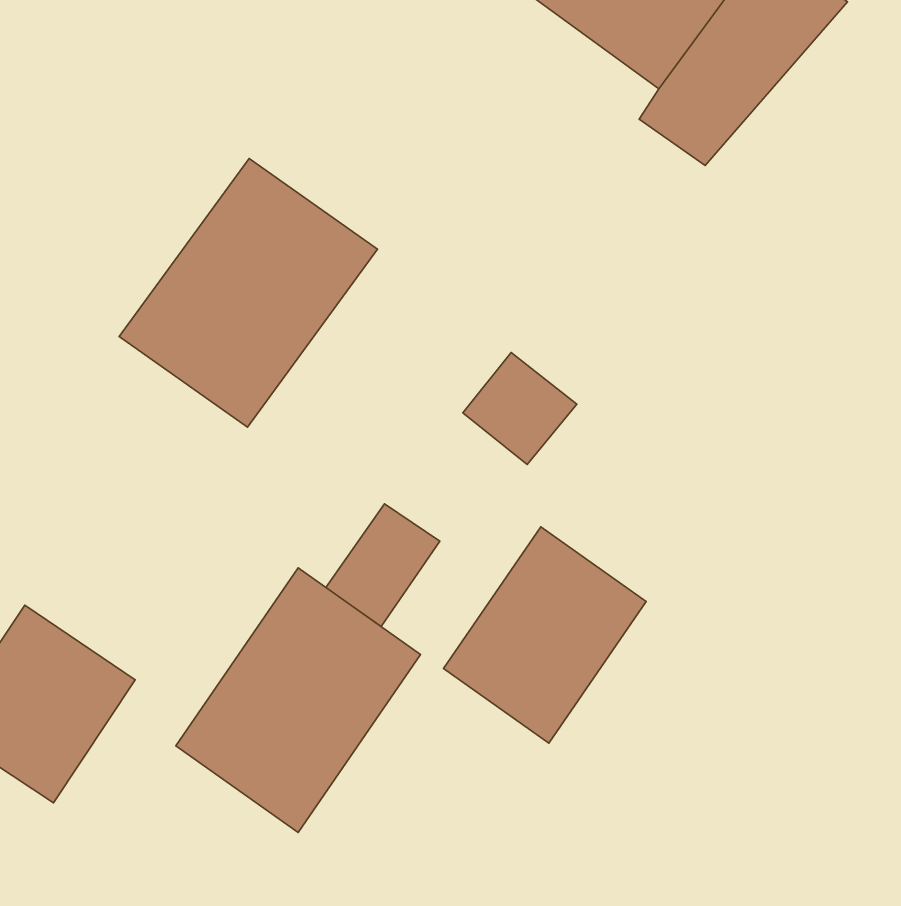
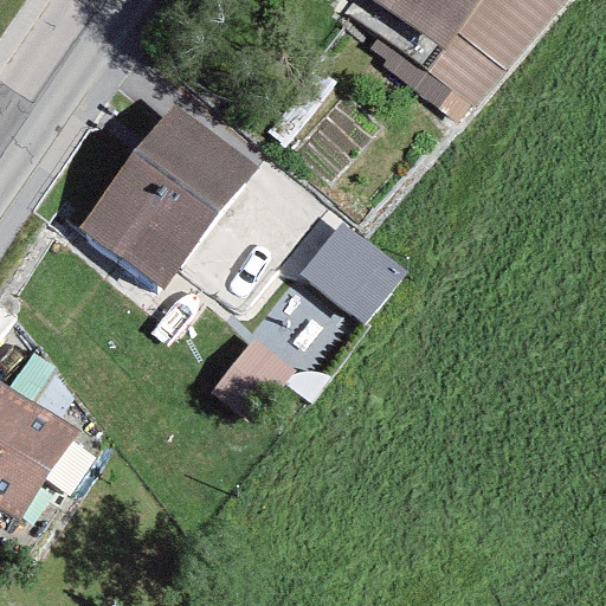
building: [443,527,646,743] -> none
building: [176,568,421,833] -> none

